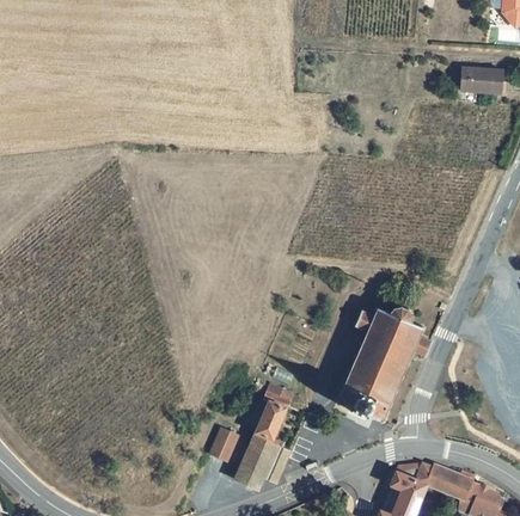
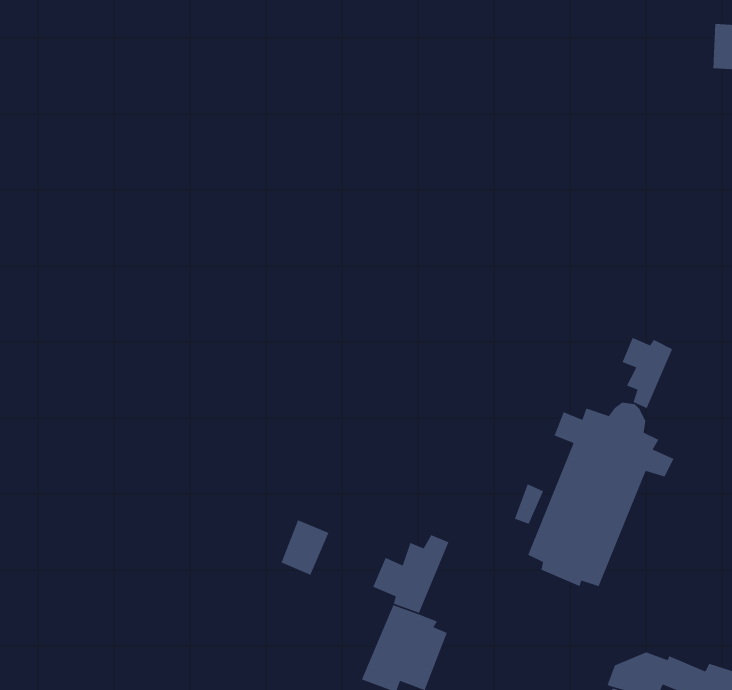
building: none -> [622,337,673,409]
building: [210,424,241,460] -> [280,519,330,576]

